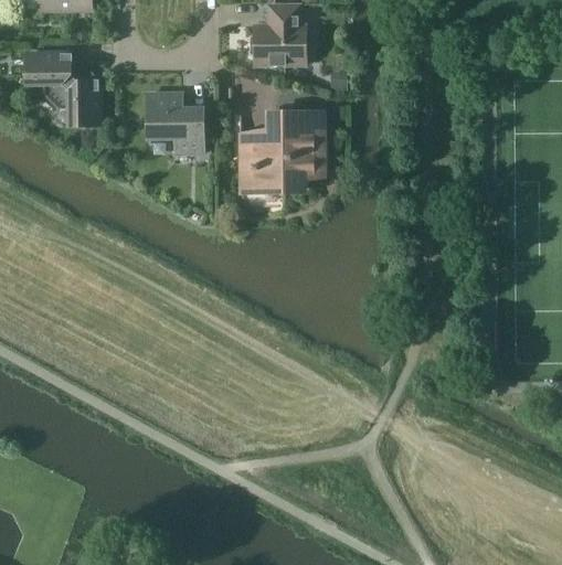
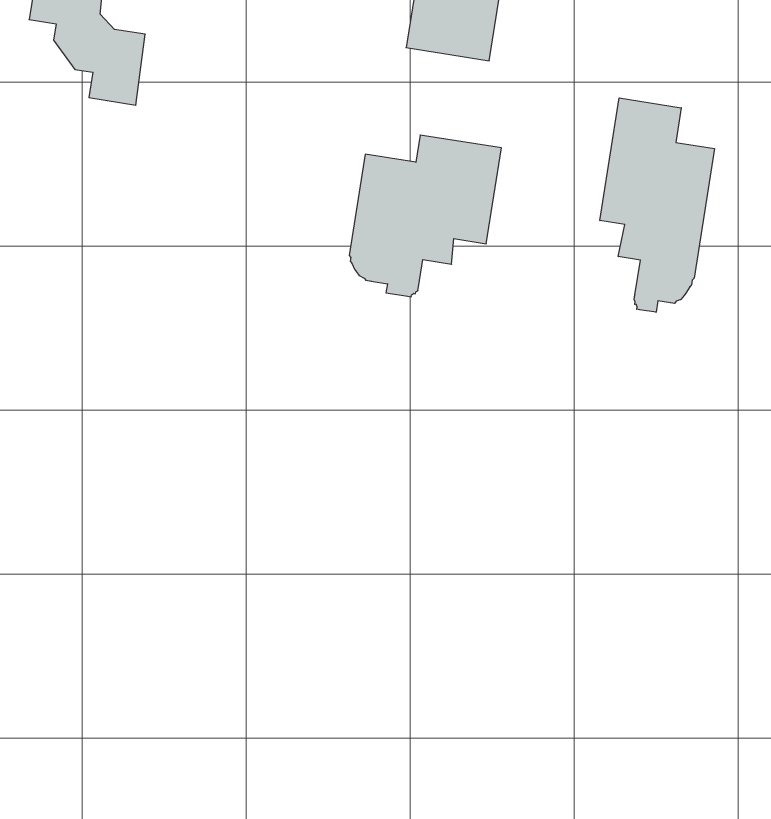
building: none -> [600,98,714,312]
building: [149,92,203,151] -> none

